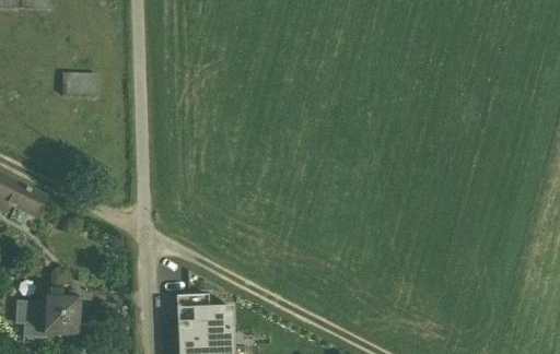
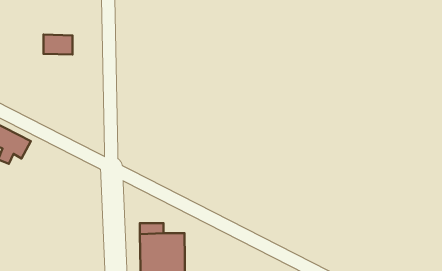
building: [16,291,80,337] -> none

